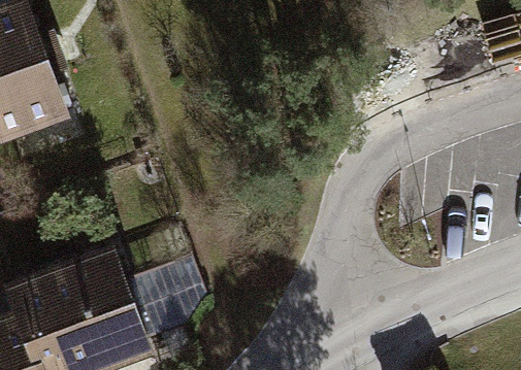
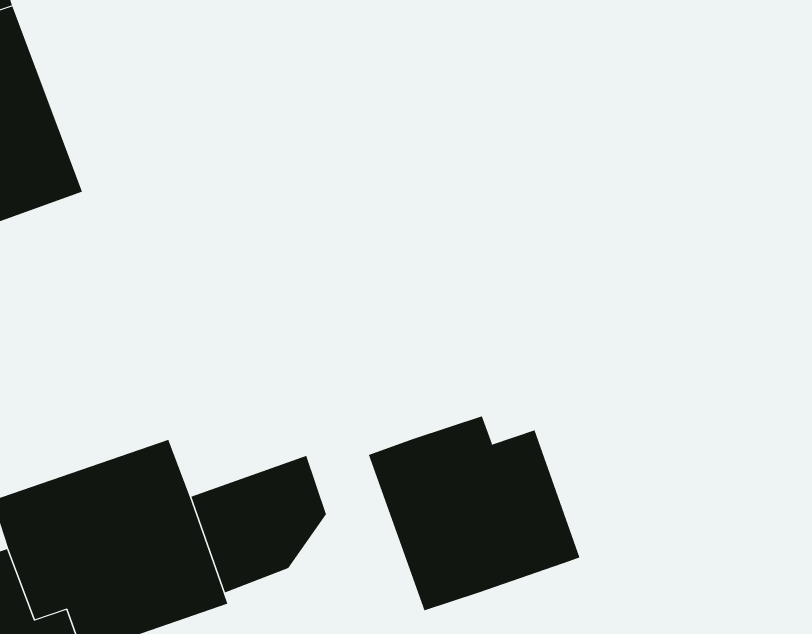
building: none -> [368,416,580,611]

